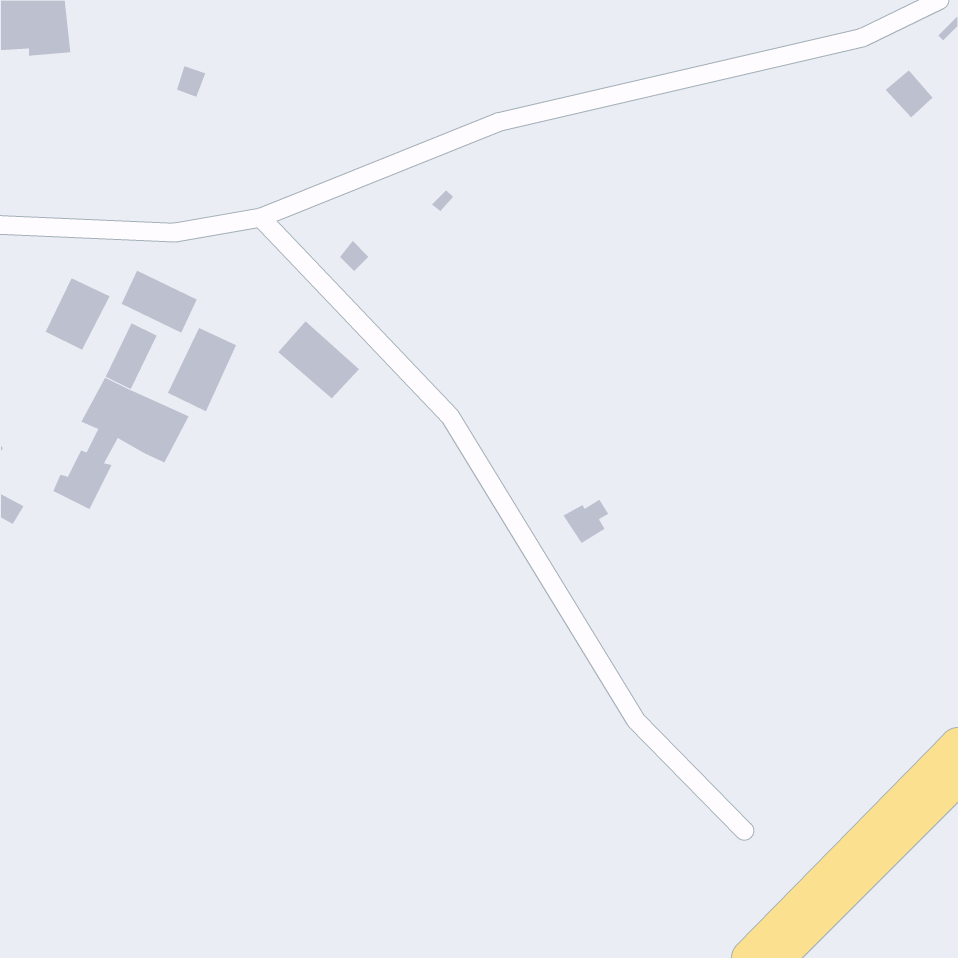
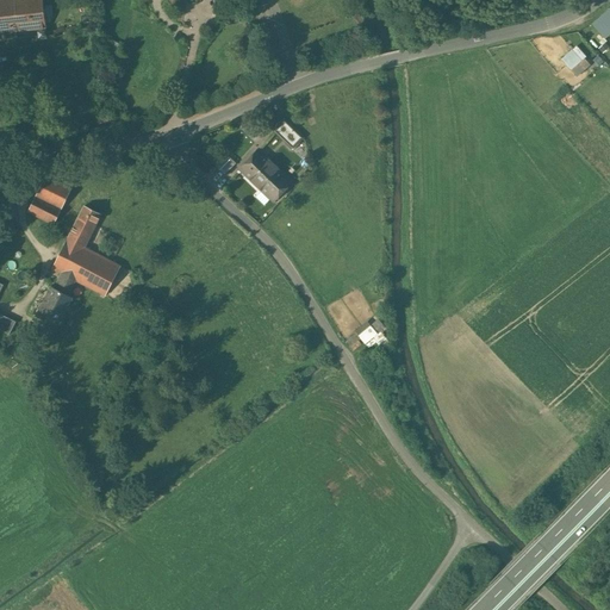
building: [121,270,198,334] -> none
building: [277,320,360,399] -> [239,149,292,199]
building: [167,327,237,412] -> none

